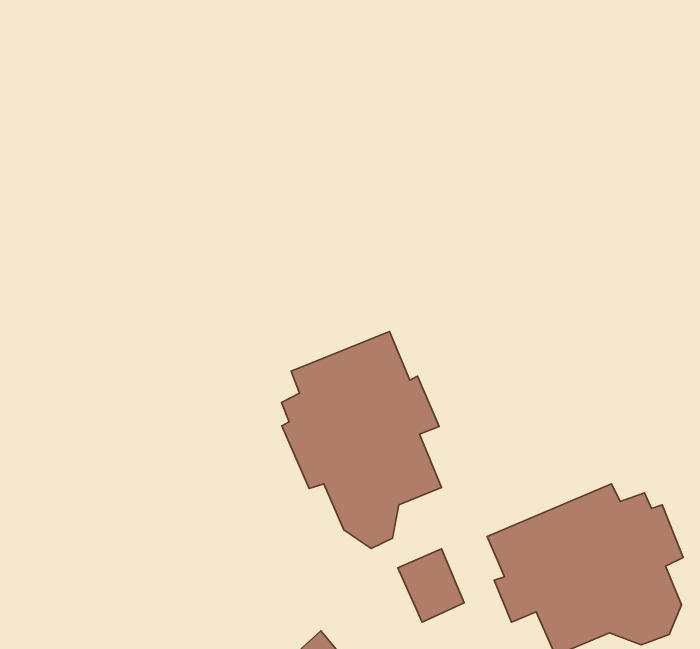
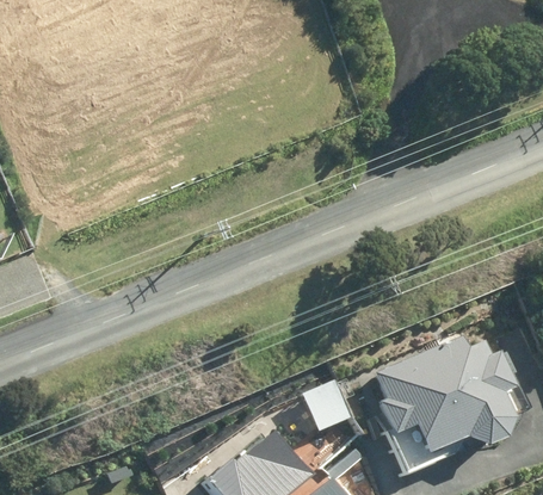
building: [281,331,442,548] -> none

